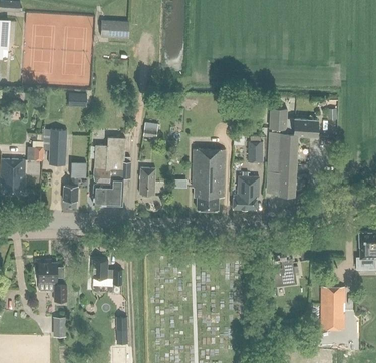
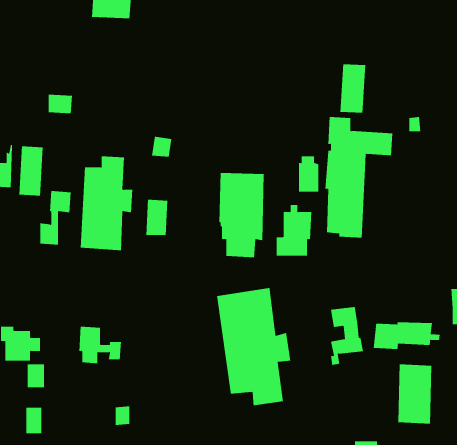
building: none -> [340,63,366,114]
building: none -> [216,287,291,406]
building: none -> [373,322,440,350]

